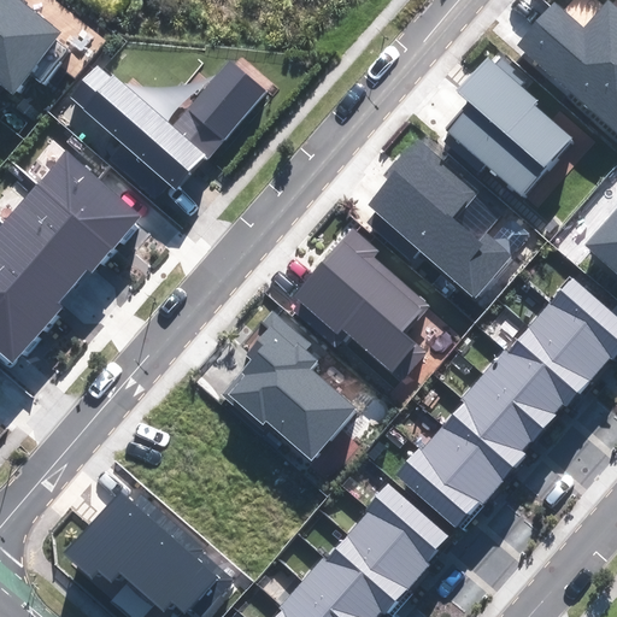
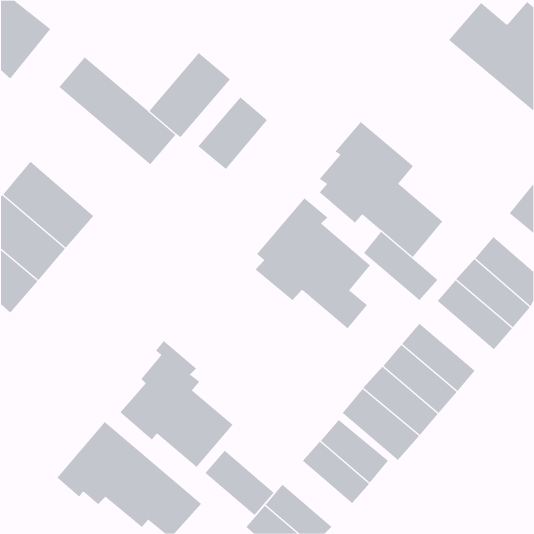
building: [446,58,570,194] -> none
building: none -> [198,97,268,170]
building: [35,149,141,249] -> none
building: [223,311,354,458] -> [120,340,234,468]
building: [483,347,570,428] -> [363,231,438,301]
building: [325,531,406,607] -> [205,450,275,516]

